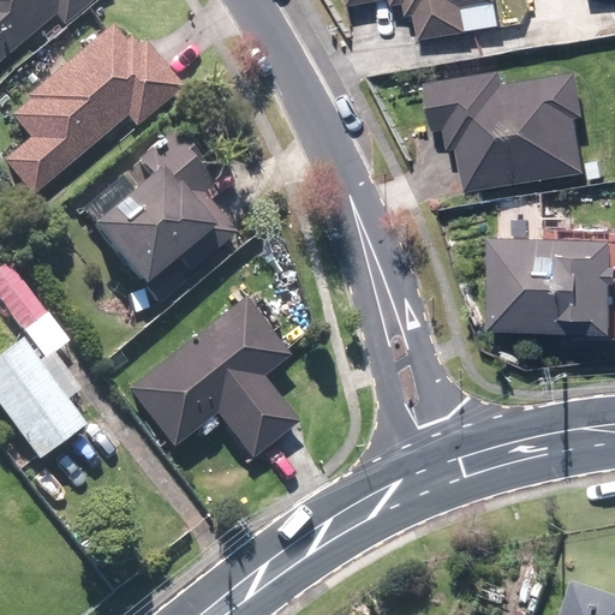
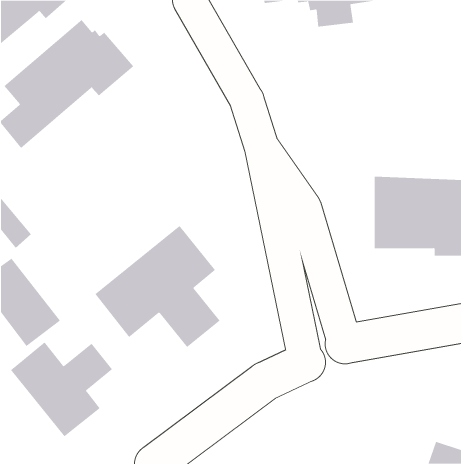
building: [434,71,590,190] -> none
building: [83,131,237,285] -> none
building: none -> [10,341,113,437]

